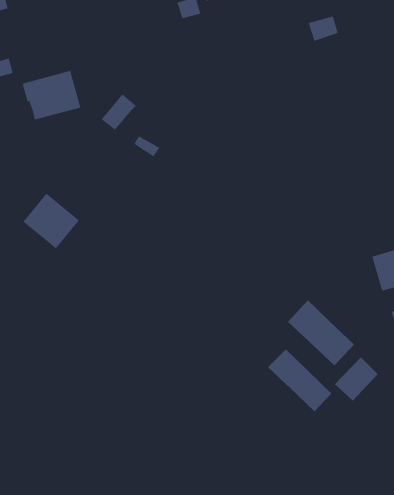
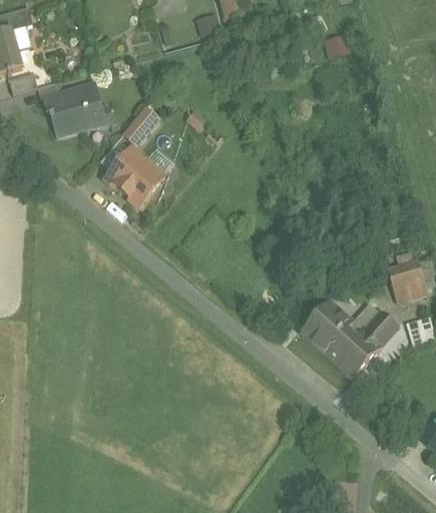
building: [22,193,80,249] -> [106,148,162,203]
building: [267,349,332,412] -> none
building: [334,357,378,402] -> [353,309,396,353]

